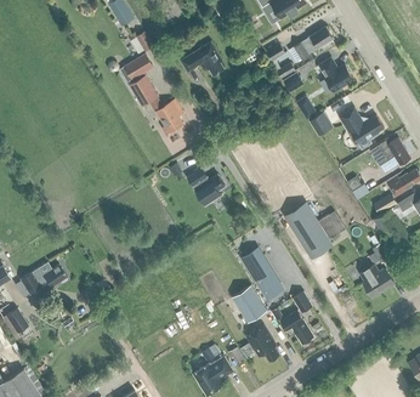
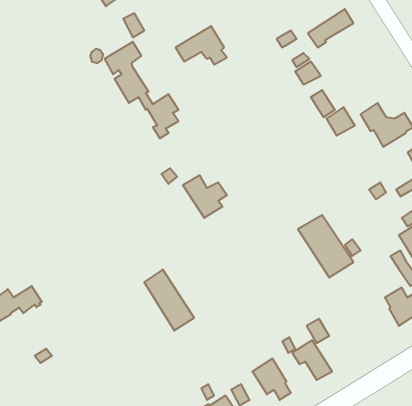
building: [318,57,353,91] -> none
building: [242,246,284,299] -> [144,269,194,331]
building: [232,285,266,322] -> none

